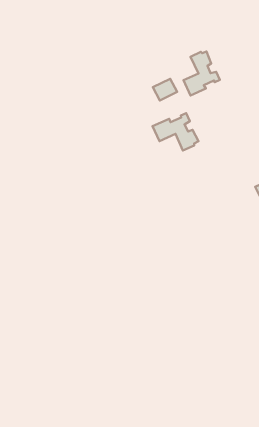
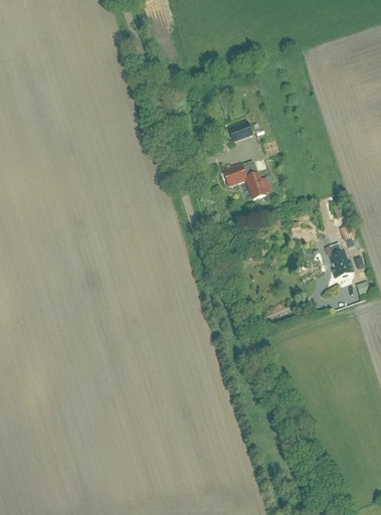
building: [184,52,220,96] -> none

